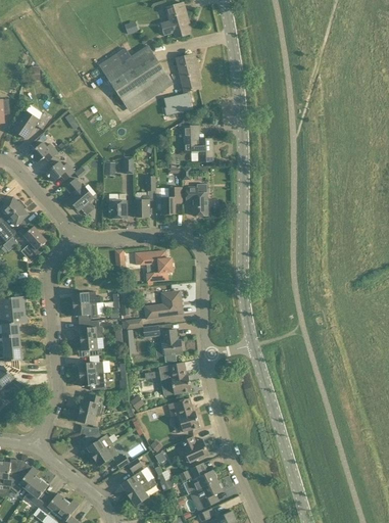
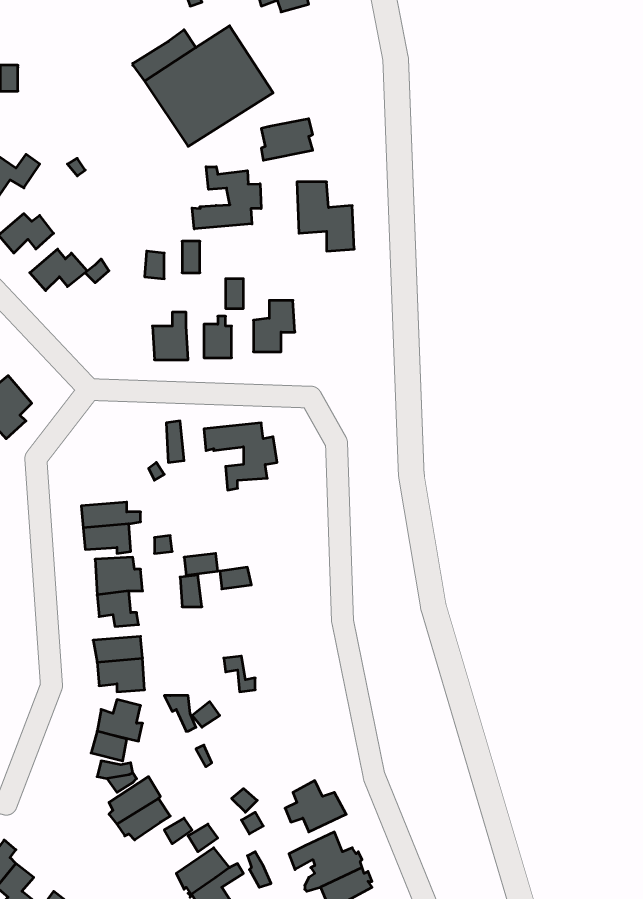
building: [176,53,199,91] -> none
building: none -> [192,167,261,229]
building: [64,178,94,210] -> none
building: [186,184,208,216] -> none
building: [145,291,182,318] -> none
building: [162,329,182,354] -> none
building: [158,362,191,393] -> none
building: [166,397,199,433] -> none

